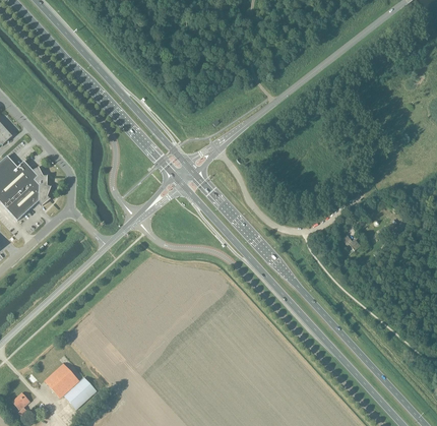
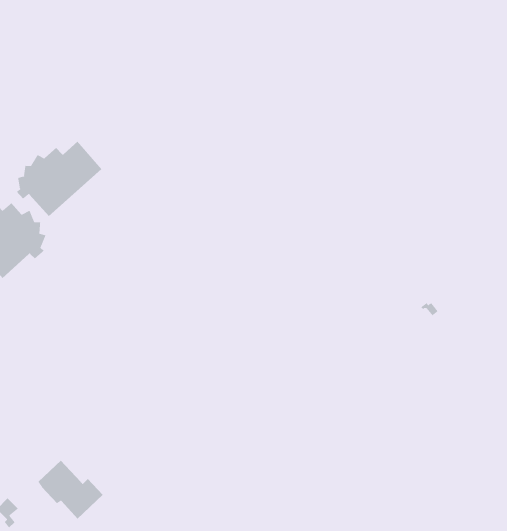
building: none -> [15,141,102,217]

